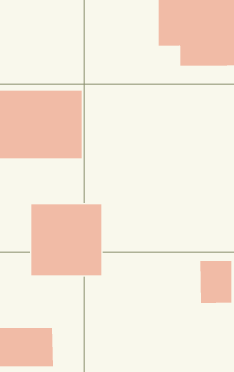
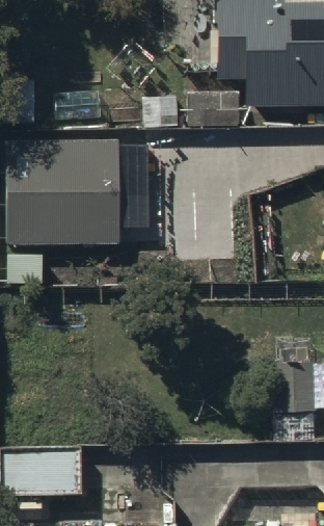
building: [31,203,102,276] -> none

